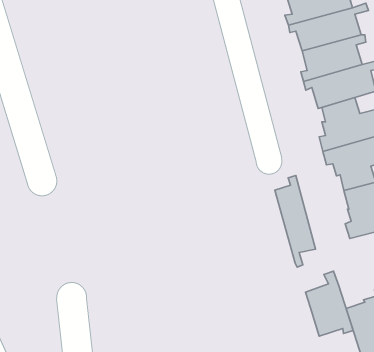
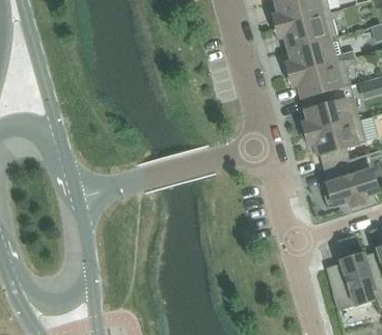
building: [275,175,315,267] -> none
building: [306,271,353,336] -> none

